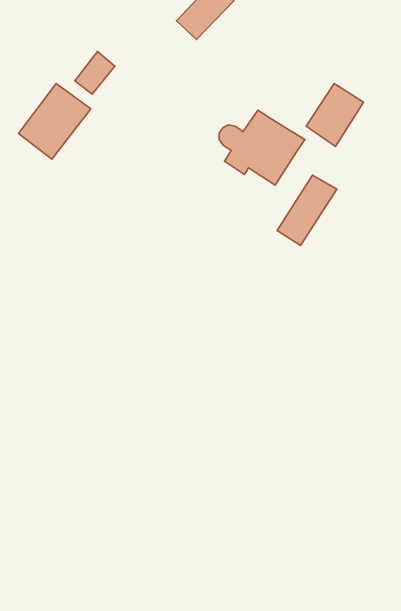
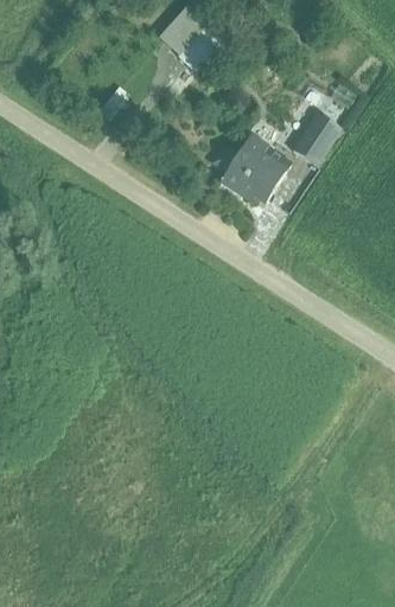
building: [18,84,91,159] -> none
building: [277,175,337,246] -> none

